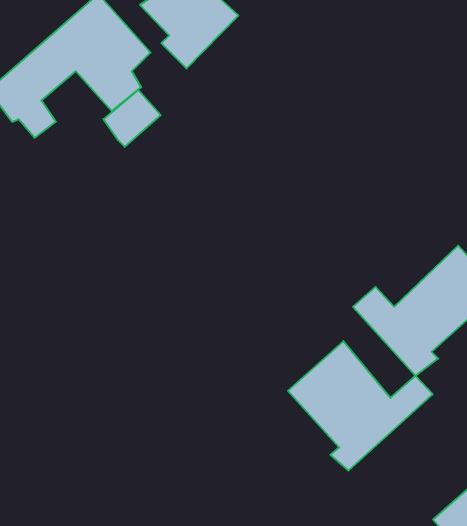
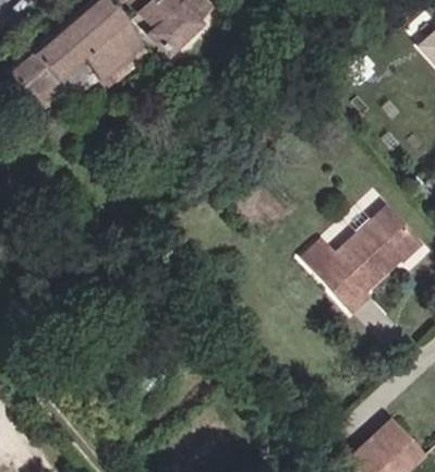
building: [103,90,161,147] -> [48,61,95,108]
building: [288,341,433,471] -> none

